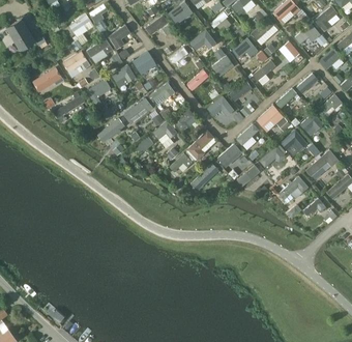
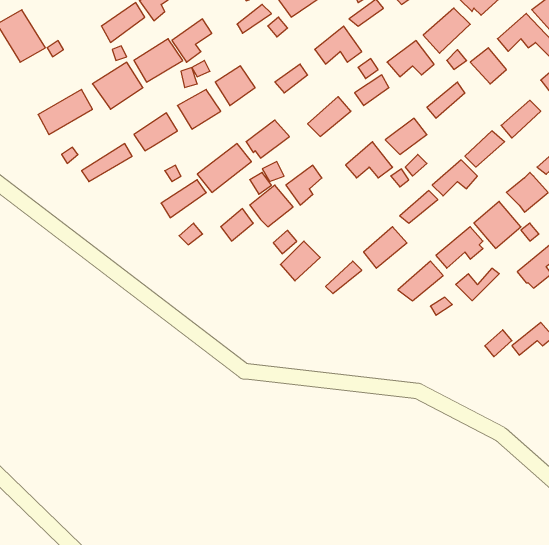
building: [187,131,216,161] -> none
building: [278,176,309,204] -> none

